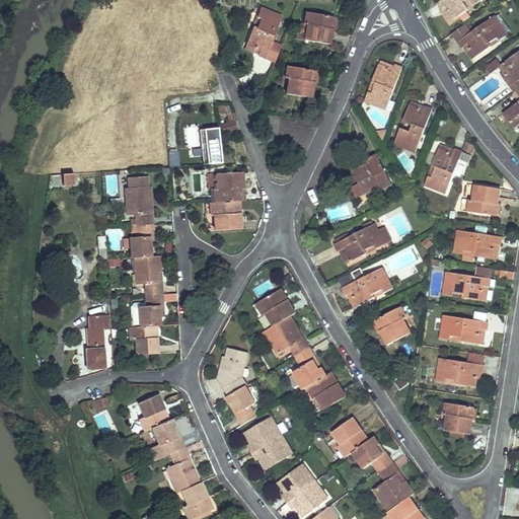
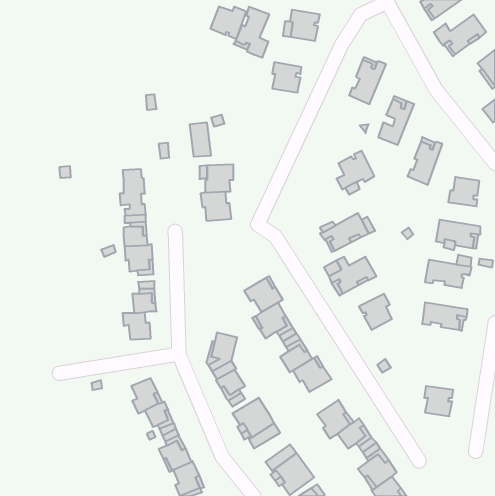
building: none -> [211,6,246,39]
building: [85,314,109,369] -> none
building: [436,358,484,387] -> none

